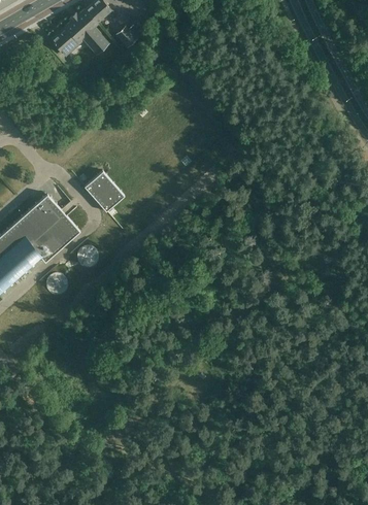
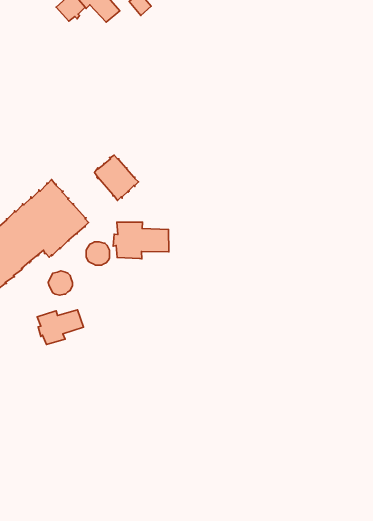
building: none -> [113,222,169,259]
building: none -> [37,310,83,345]

